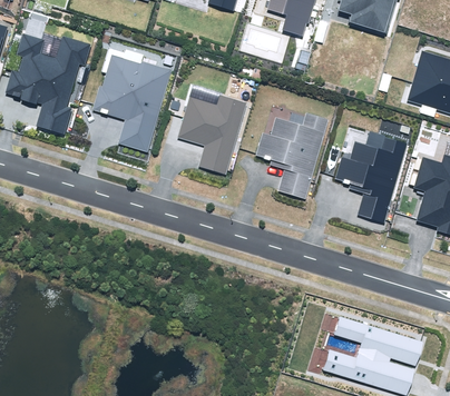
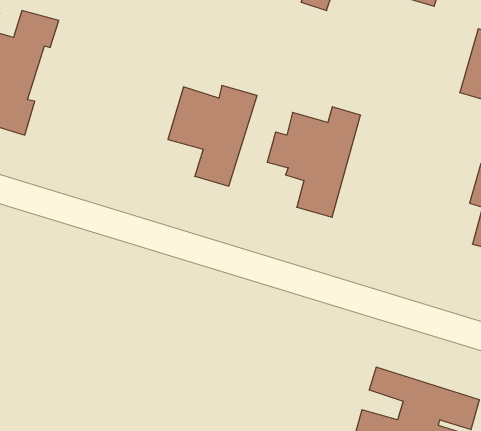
building: [92,55,172,150] -> none
building: [335,131,408,221] -> none

